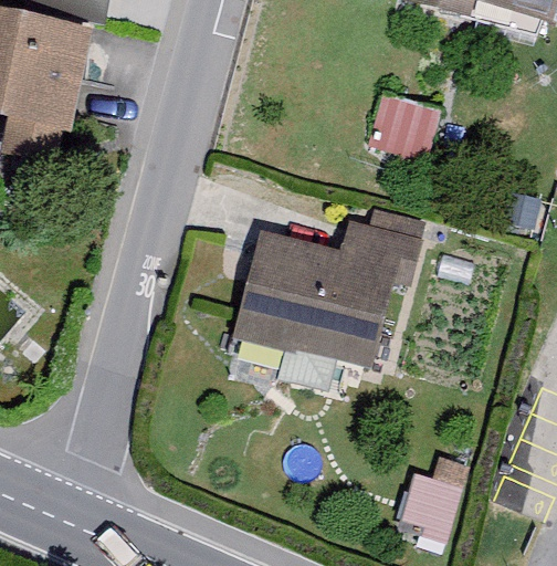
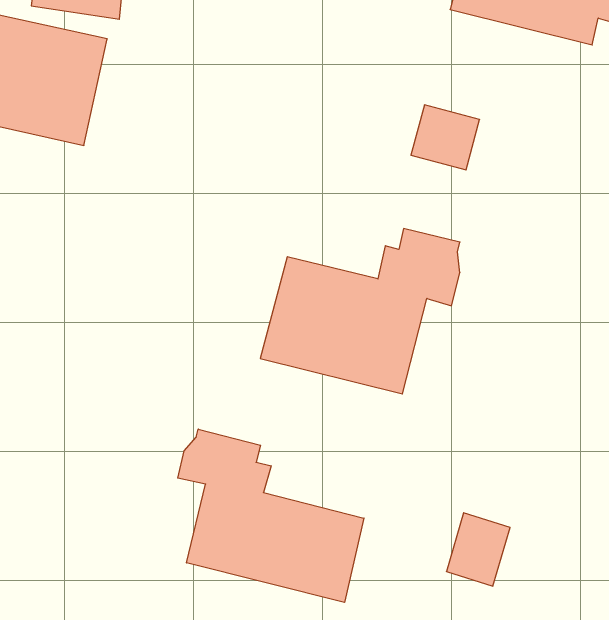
building: none -> [178,429,364,602]

